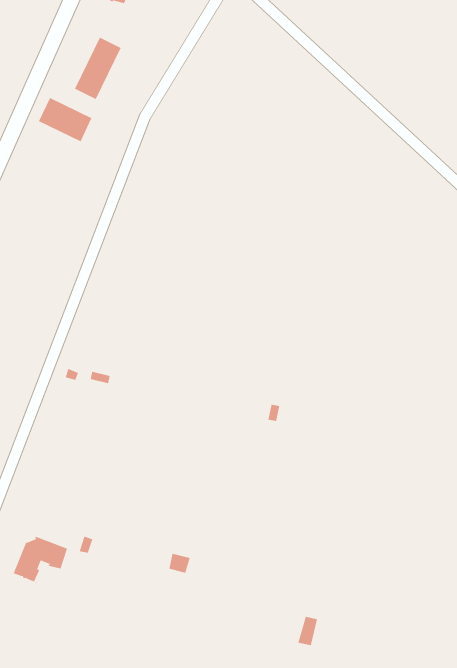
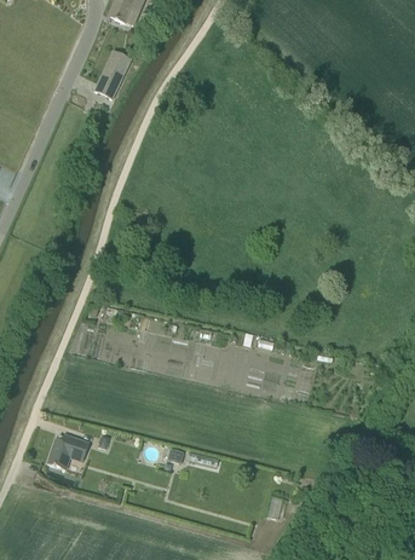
building: [38,97,92,142] -> none

